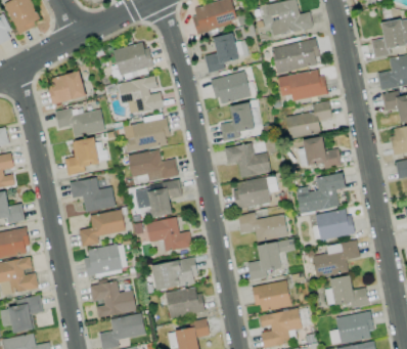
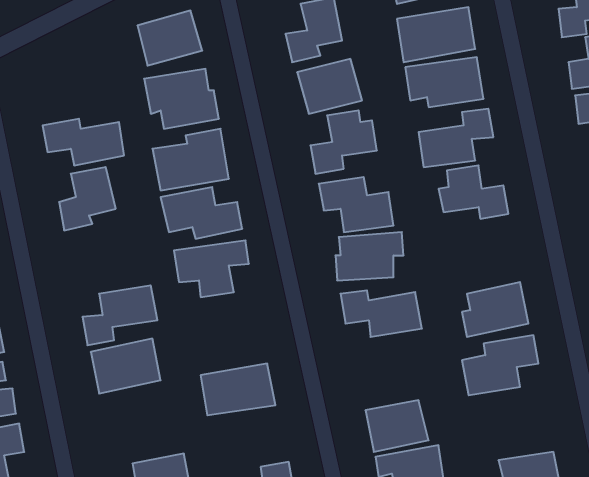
building: [47,71,87,104] -> none
building: [297,173,346,213] -> none
building: [71,178,116,212] -> none
building: [147,217,192,251] -> none
building: [247,239,296,280] -> none
building: [325,275,369,308] -> none
building: [90,281,136,316] -> none
building: [166,288,204,317] -> none

